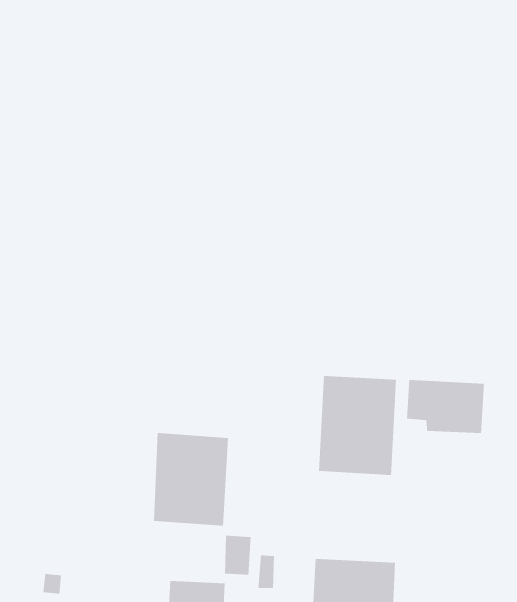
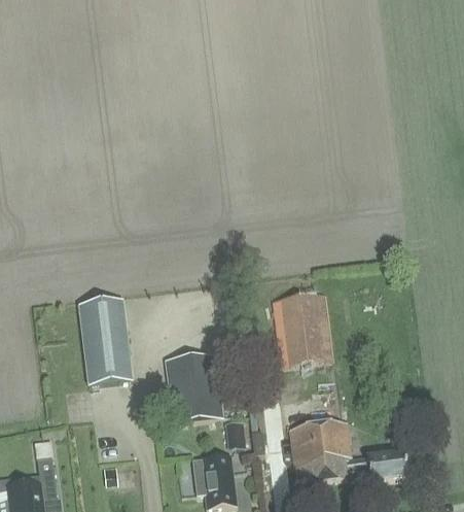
building: none -> [79,297,132,383]
building: [406,379,484,434] -> none

